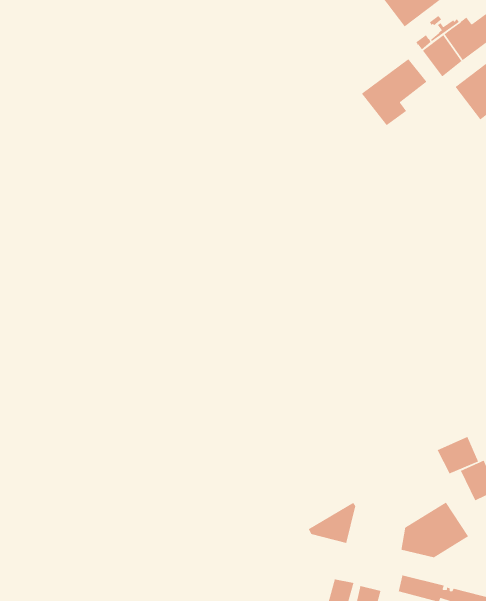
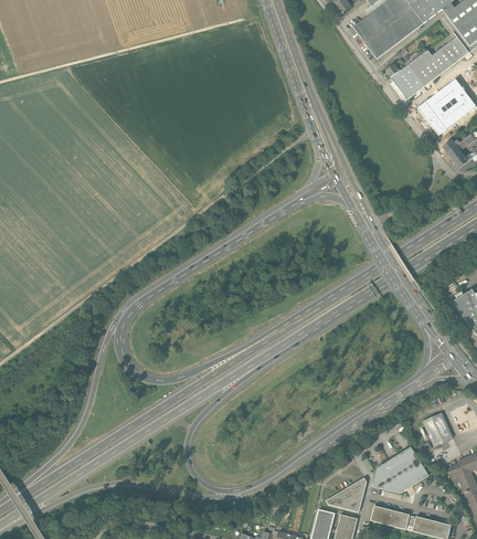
building: [361,58,428,126] -> none
building: [437,436,479,474] -> none
building: [308,502,356,544] -> [327,478,367,512]

